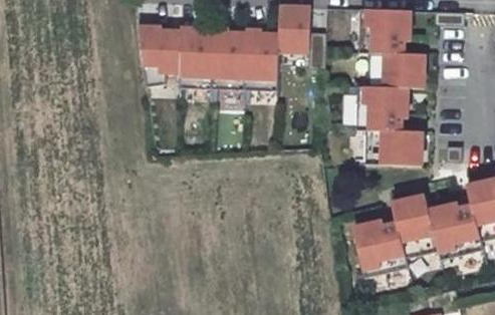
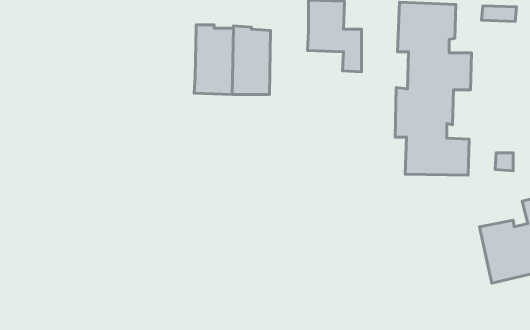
building: [136,25,179,87] -> none
building: [244,29,279,90] -> none
building: [356,193,441,275] -> none

